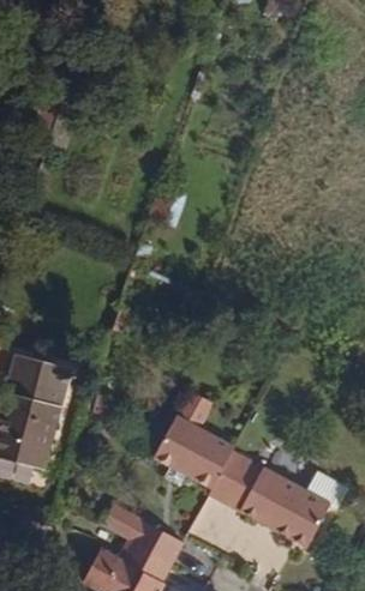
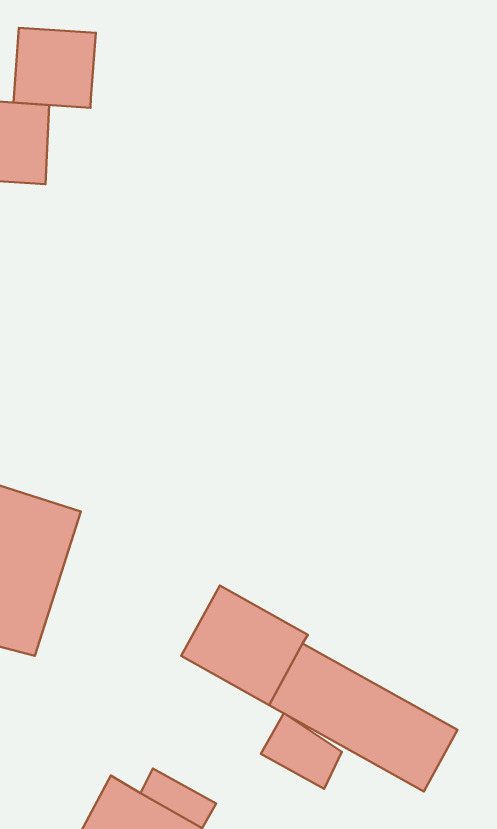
building: none -> [13,28,96,108]
building: [128,509,184,561] -> [261,713,342,789]

